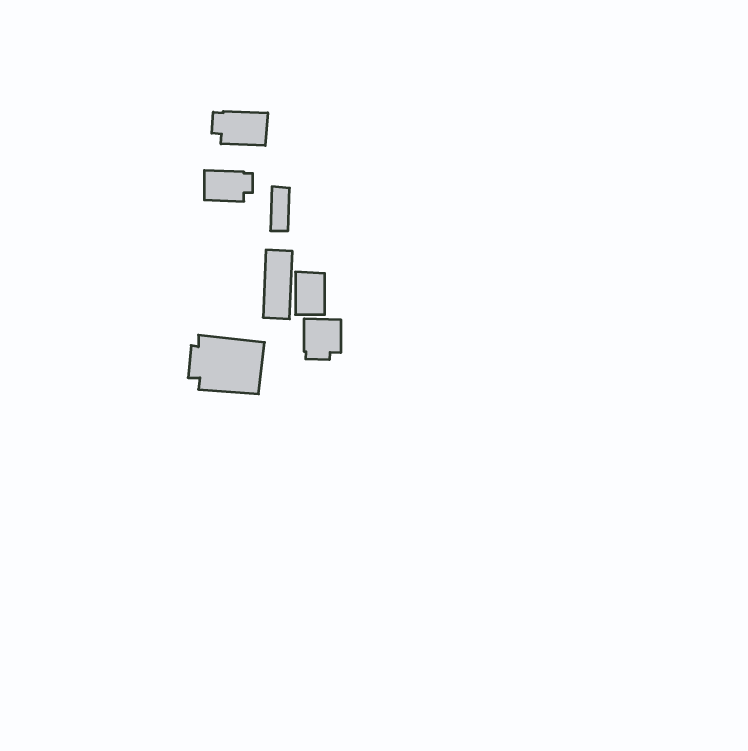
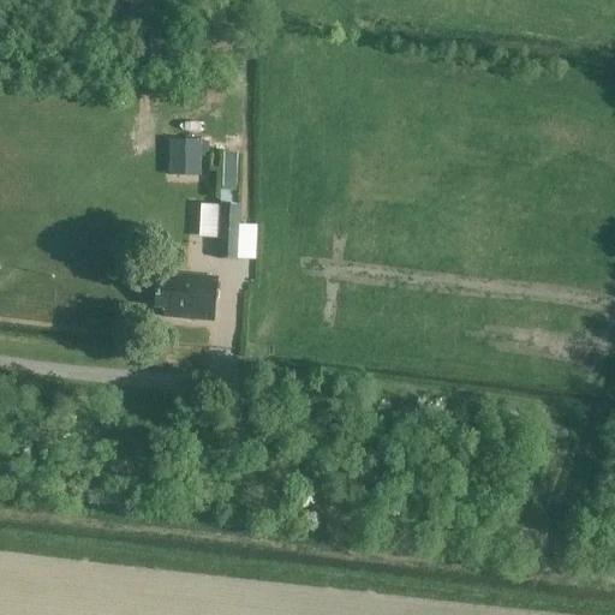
building: [212,111,268,146] -> none
building: [304,319,341,360] -> none

